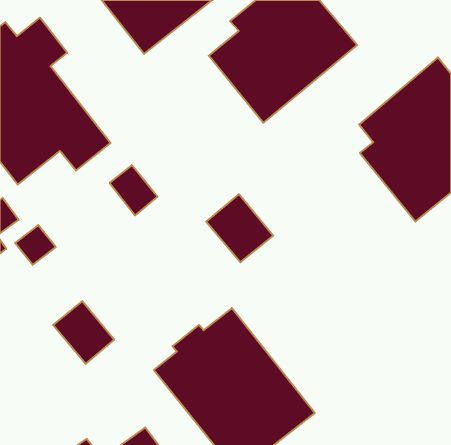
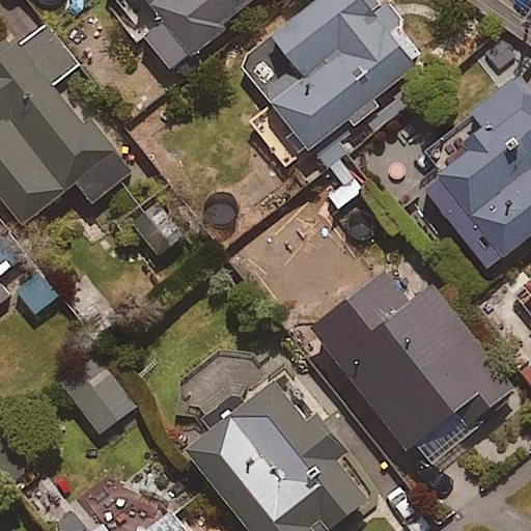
building: none -> [310,267,516,470]

